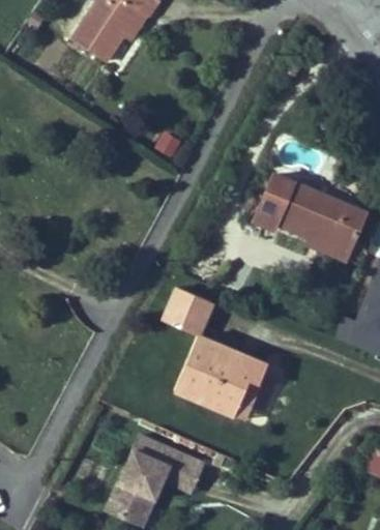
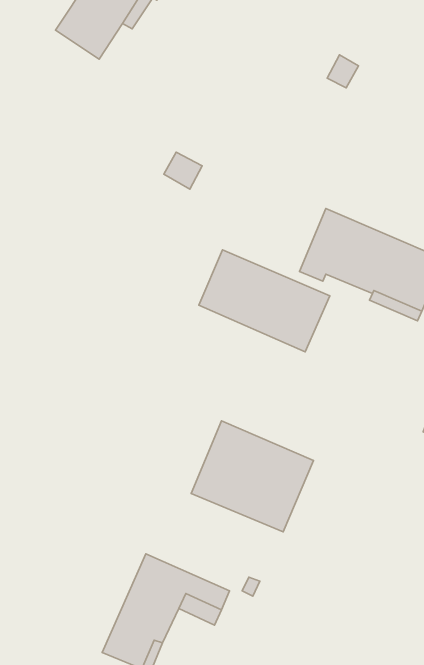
building: none -> [199,250,330,352]
building: [165,288,212,335] -> none

